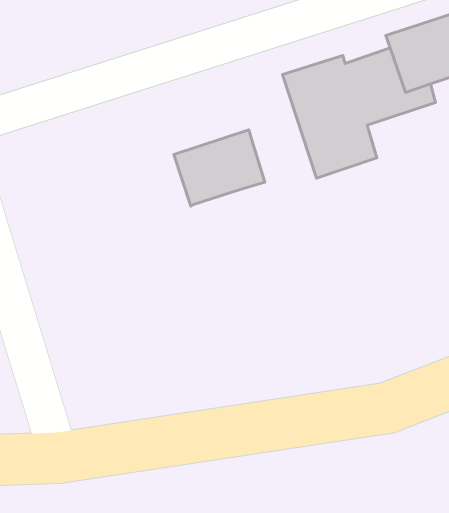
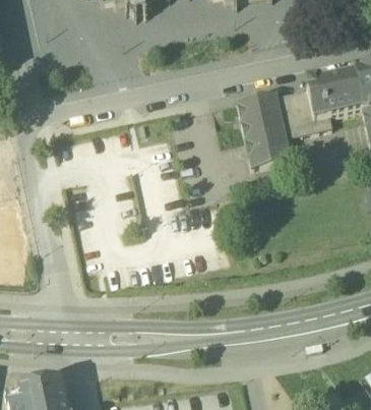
building: [174,130,265,206] -> none

